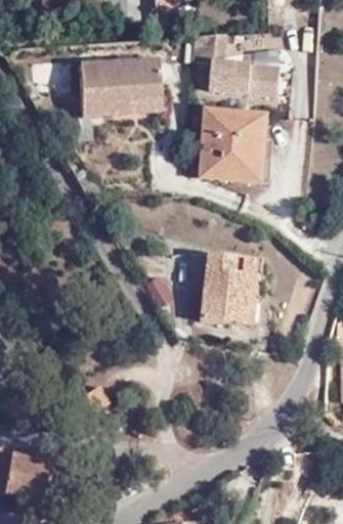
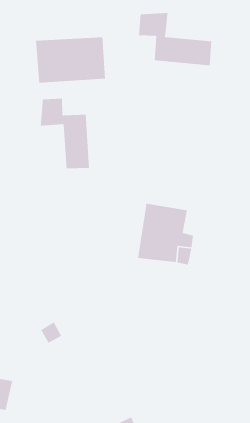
building: [214,104,278,176] -> none
building: none -> [40,98,90,169]

